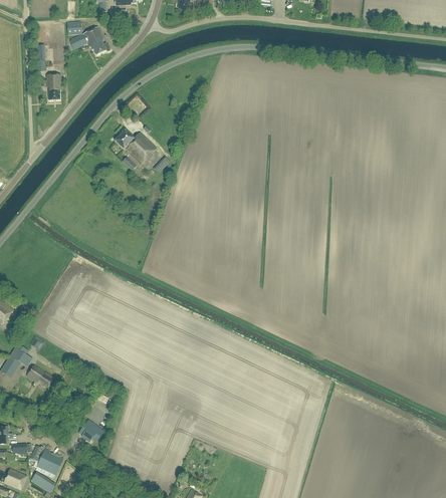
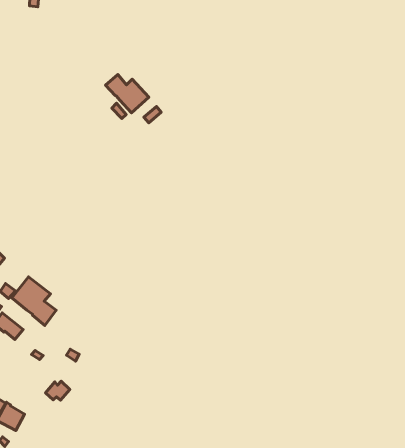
building: [39,73,60,99] -> none
building: none -> [12,277,56,325]

